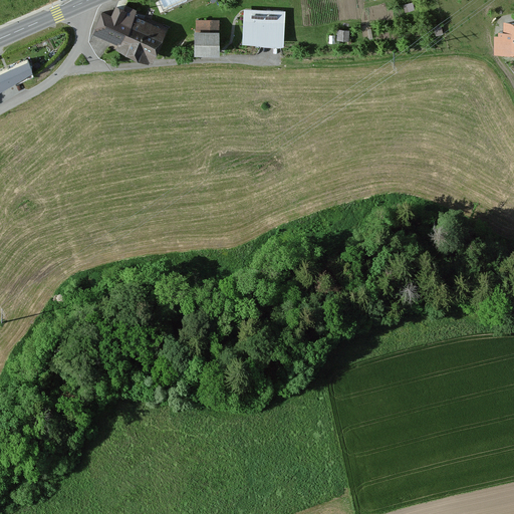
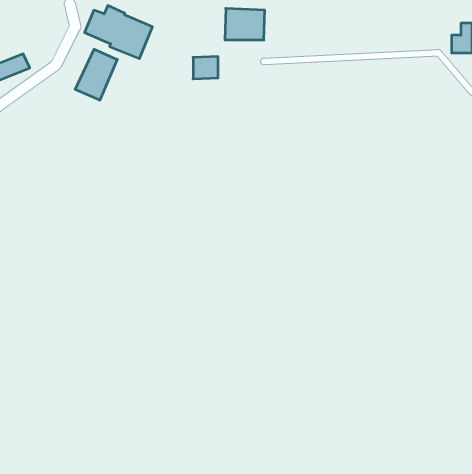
building: [196,30,223,54] -> [193,57,218,79]
building: none -> [75,49,117,100]

